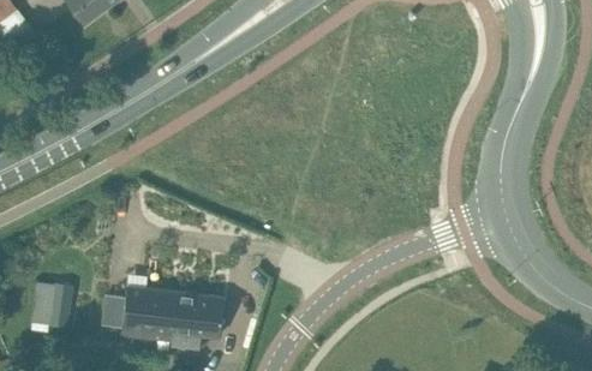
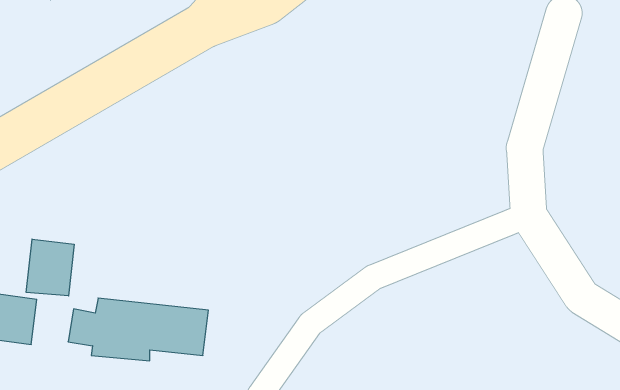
building: none -> [26,239,74,296]

